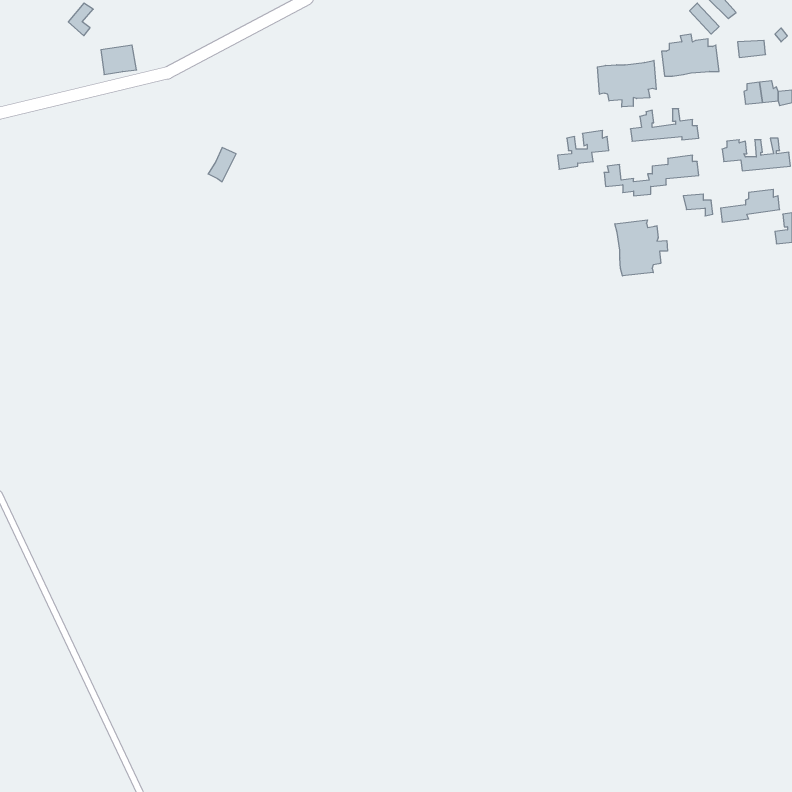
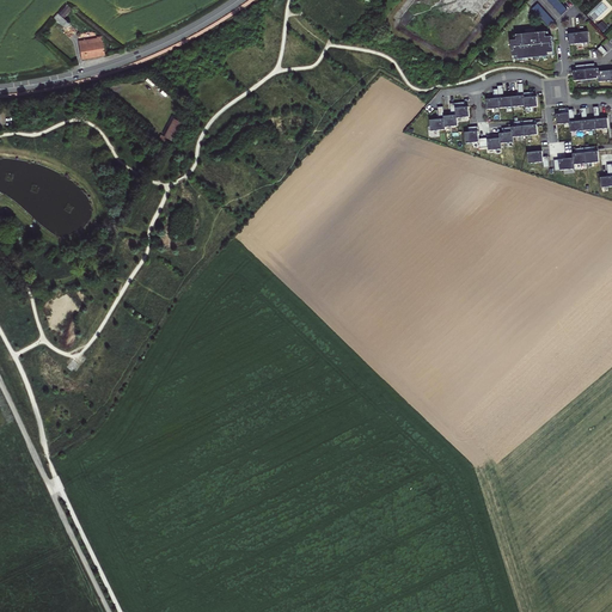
building: [597,60,656,107] -> none
building: [615,220,667,276] -> none

